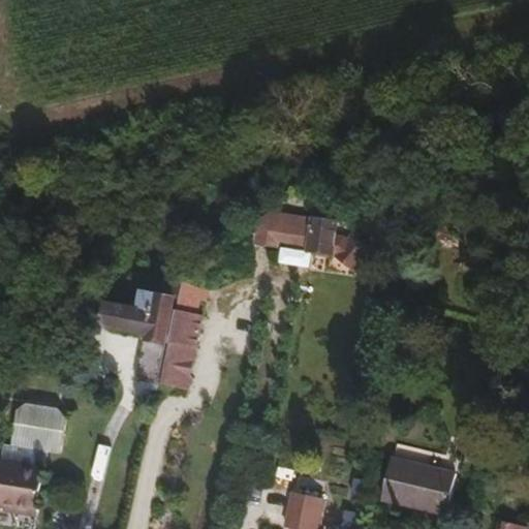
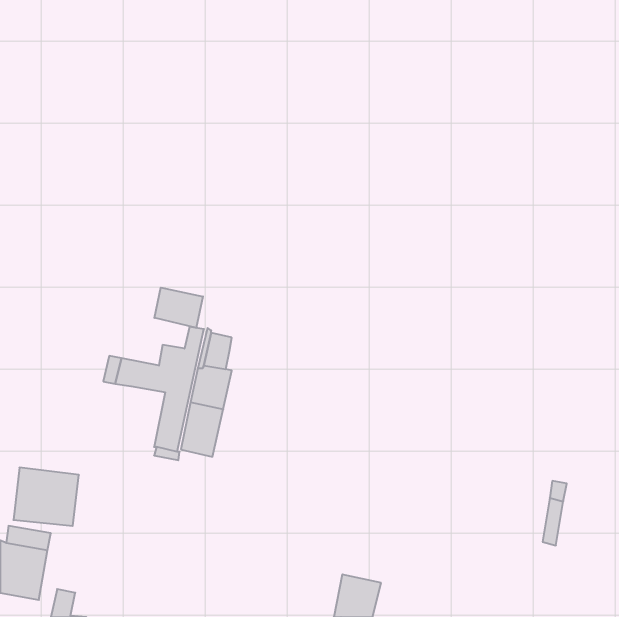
building: [253,214,367,270] -> none
building: none -> [154,288,203,328]
building: [376,460,455,517] -> none

